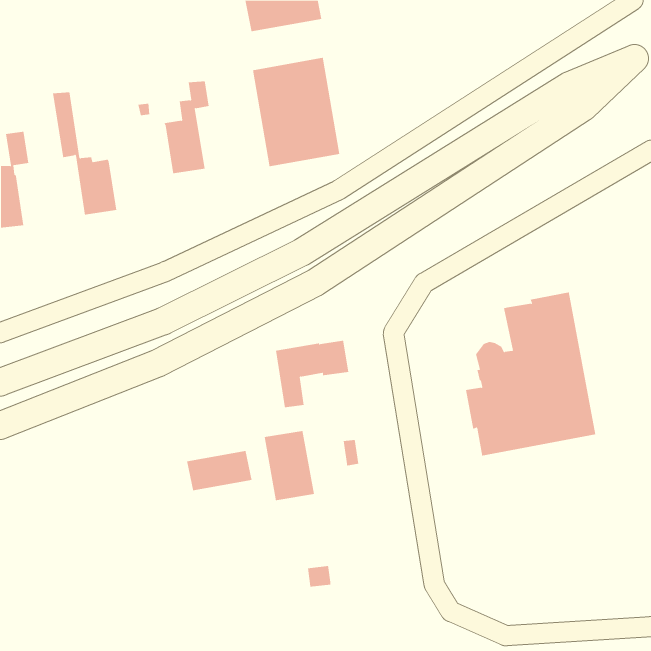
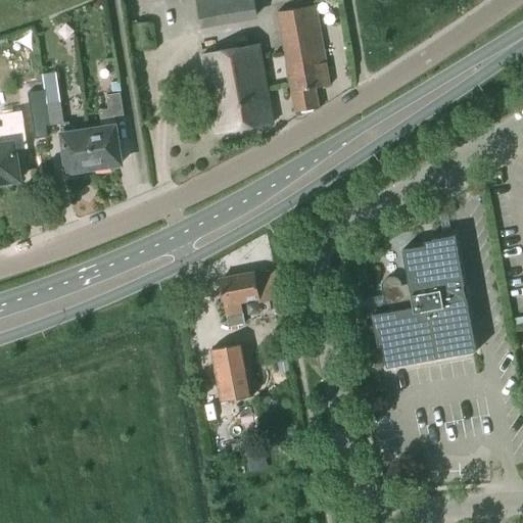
building: none -> [278,6,329,113]
building: [164,81,209,174] -> [87,94,124,169]
building: none -> [29,92,49,139]
building: [187,450,252,491] -> none

